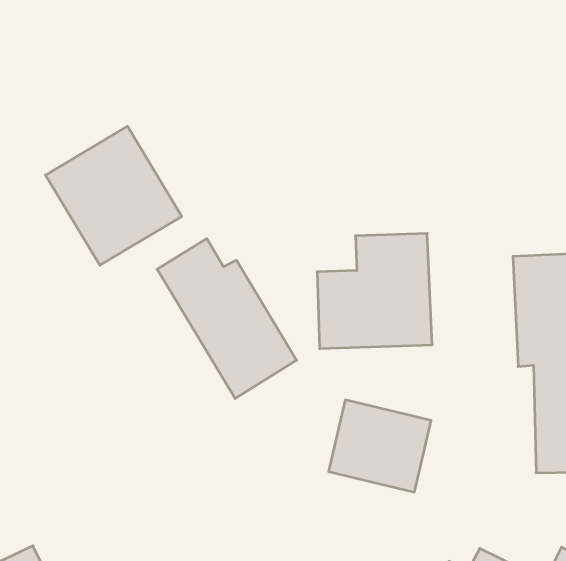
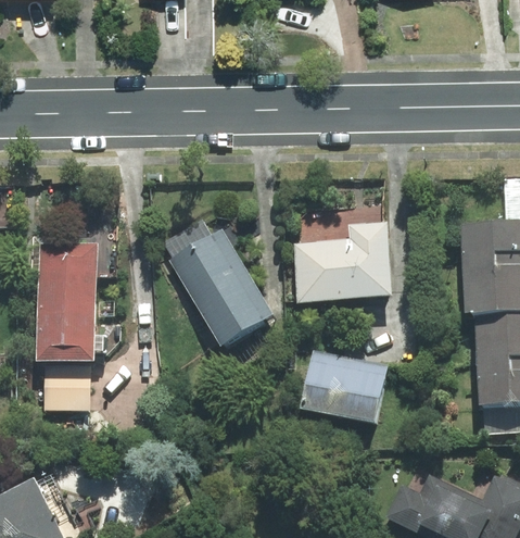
building: [45,126,182,265] -> none
building: none -> [35,230,107,413]

